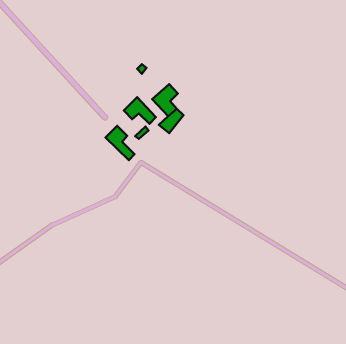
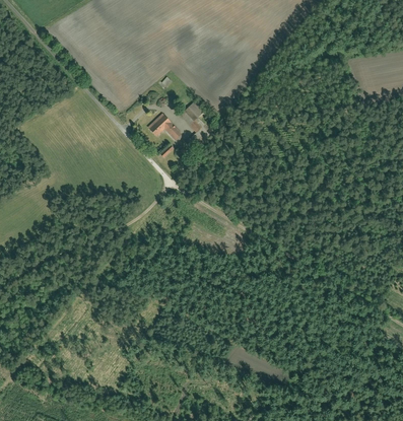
building: [105,126,135,160] -> none

